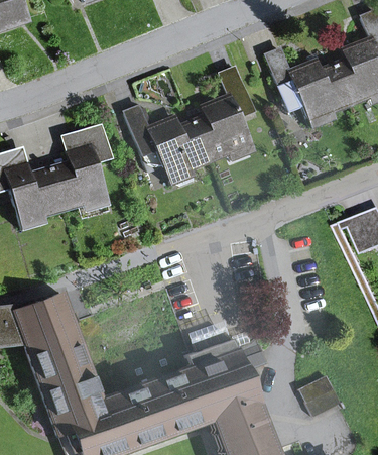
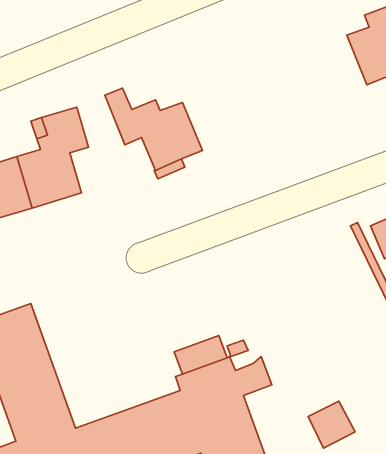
building: [265,50,350,121] -> none
building: [192,70,253,161] -> none

